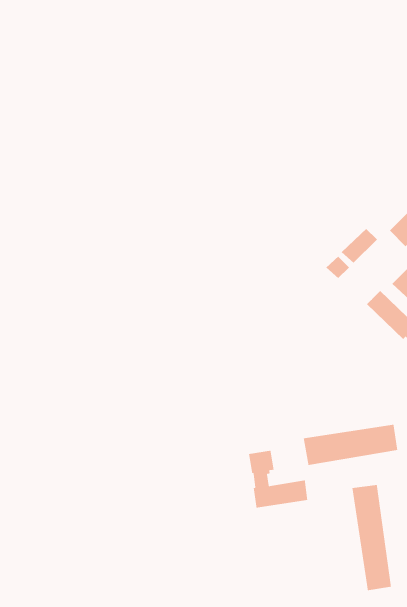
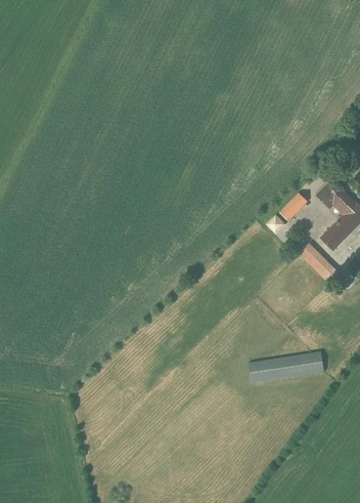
building: [248,450,308,509] -> none
building: [351,484,392,591] -> none

